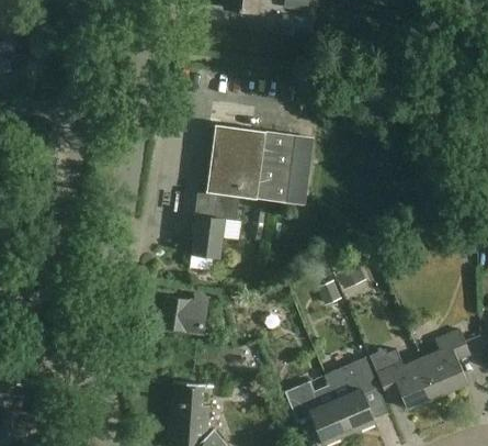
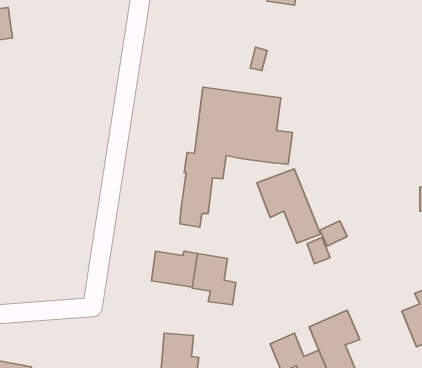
building: none -> [257,169,321,243]
building: none -> [192,254,236,305]
building: [370,348,438,409] -> none

